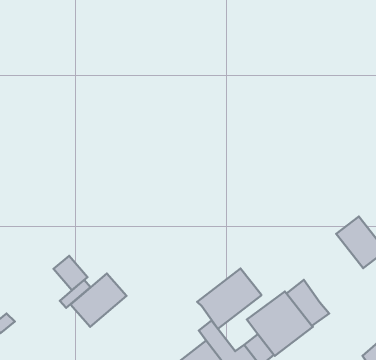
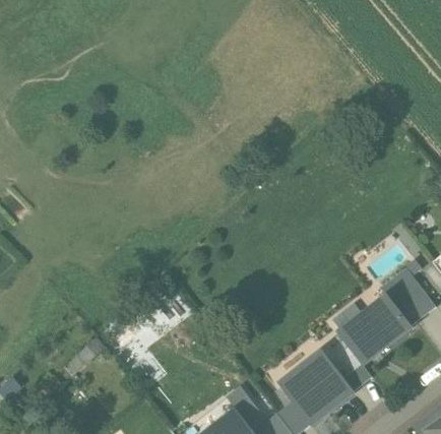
building: [54,256,88,290] -> none
building: [197,268,261,329] -> [338,297,411,365]
building: [71,274,126,327] -> none

